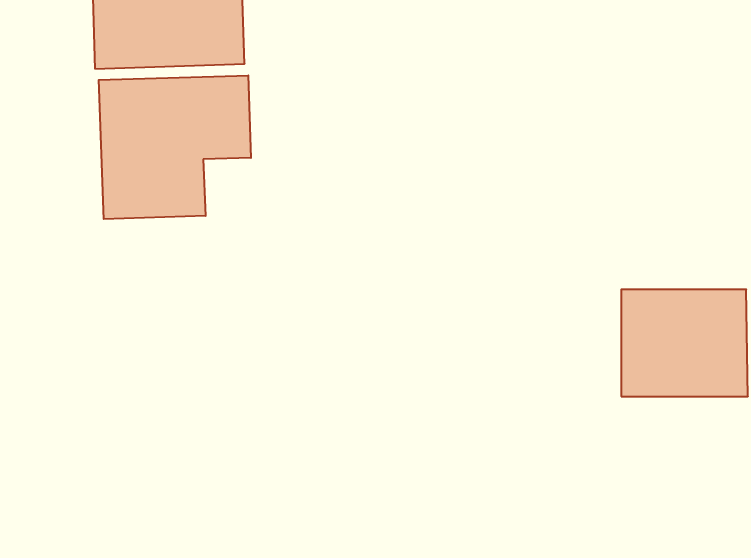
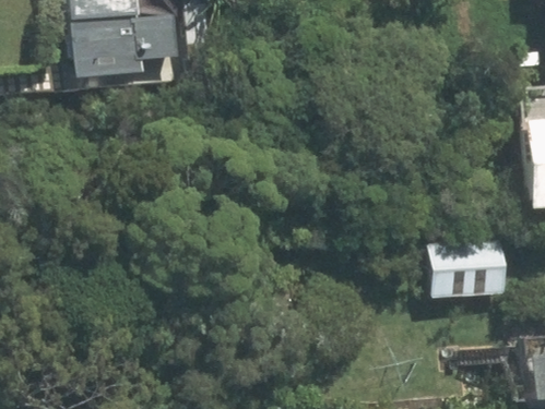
building: [99,75,251,219] -> none

